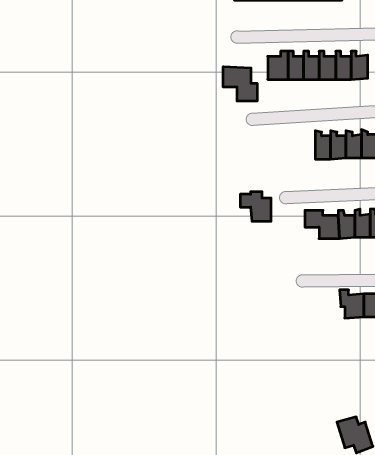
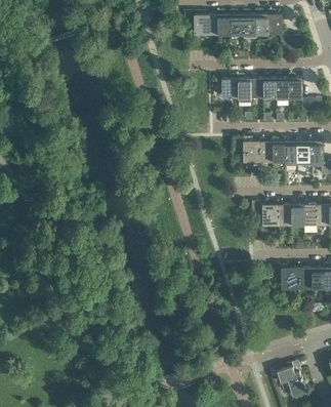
building: [223,67,257,101] -> none
building: [240,192,271,221] -> [236,138,260,162]

